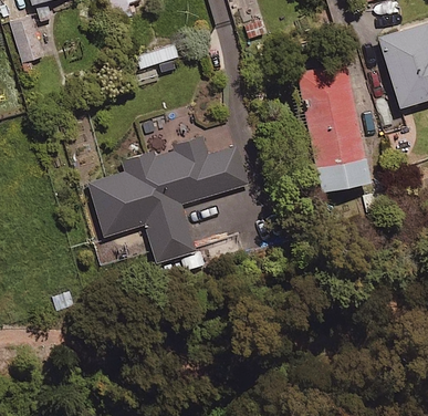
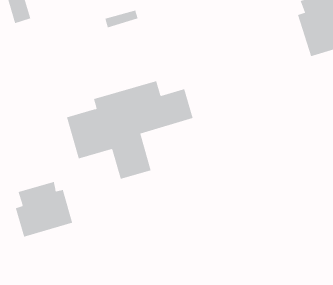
building: [295,64,368,186] -> none
building: none -> [15,181,73,237]

